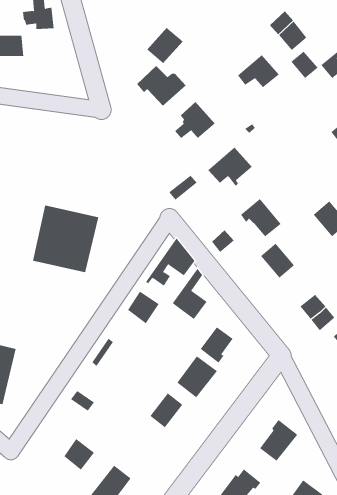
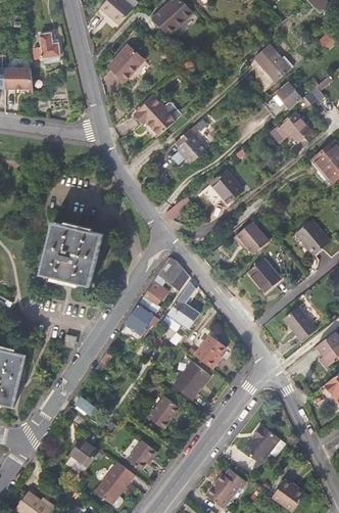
building: [146,27,183,64] -> [110,46,144,80]
building: [237,54,280,88] -> [271,113,309,144]
building: none -> [126,442,154,470]

